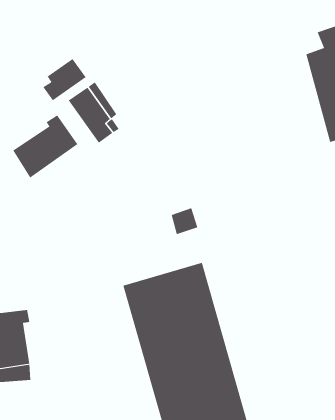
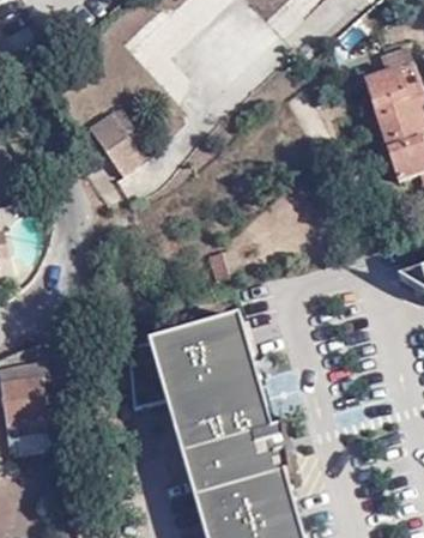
building: [43,58,86,101] -> none
building: [12,115,78,178] -> none

